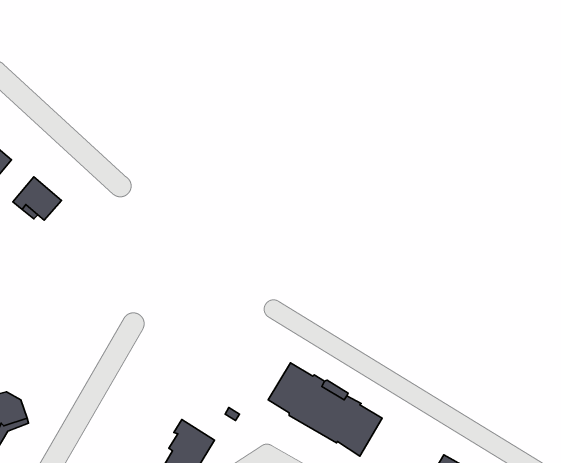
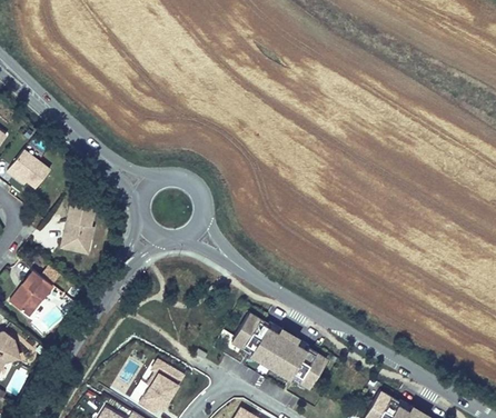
building: none -> [61,202,91,253]
building: none -> [10,271,53,316]

